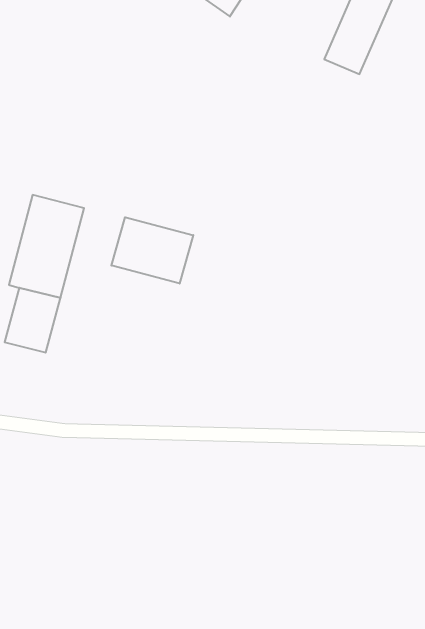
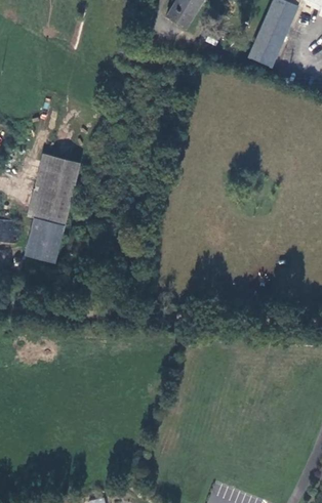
building: [111,217,193,284] -> none

